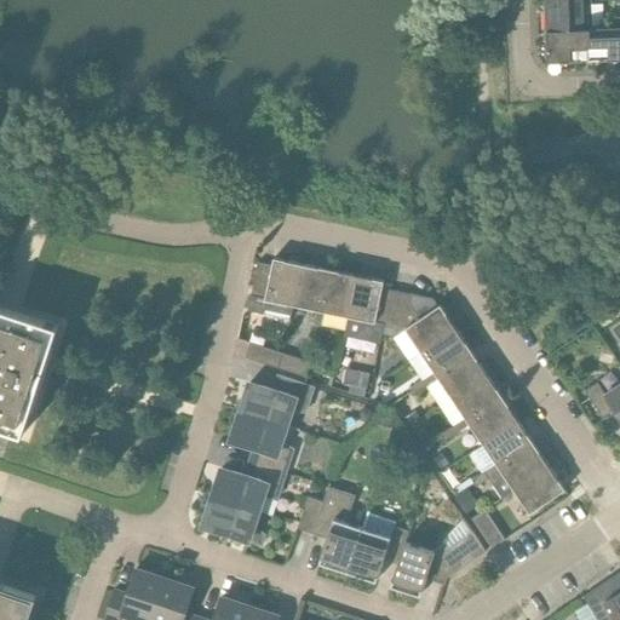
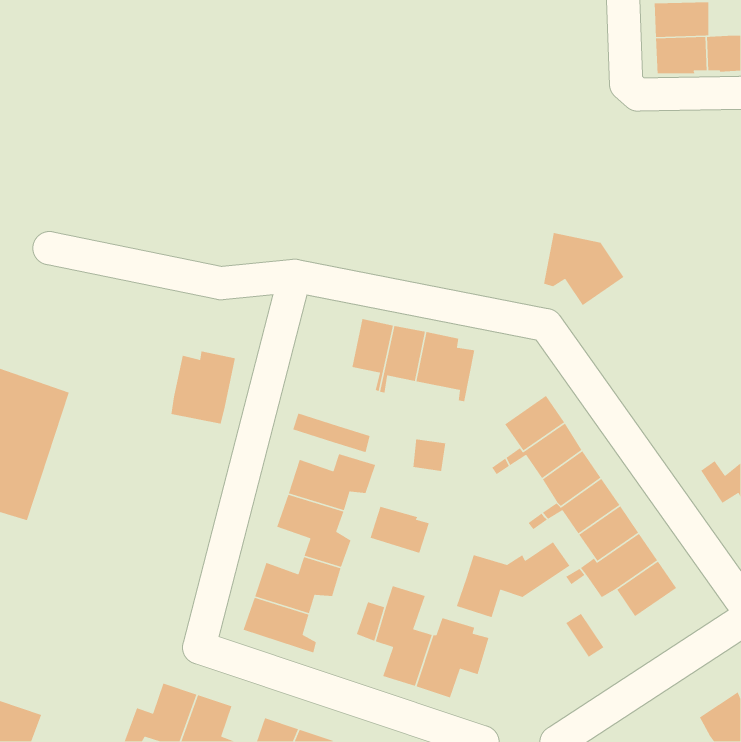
building: [247,259,302,321] -> [170,351,236,425]
building: [388,292,455,354] -> [543,232,624,306]
building: none -> [369,506,430,554]
building: [390,533,486,597] -> [456,541,571,618]

